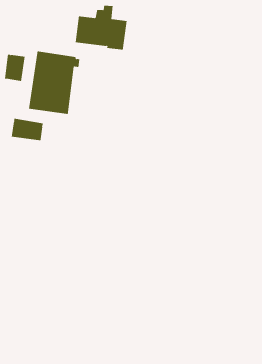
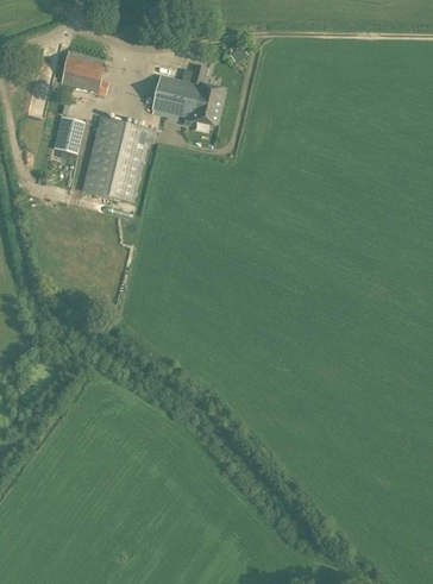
building: none -> [59,51,108,96]
building: [11,118,43,141] -> none

